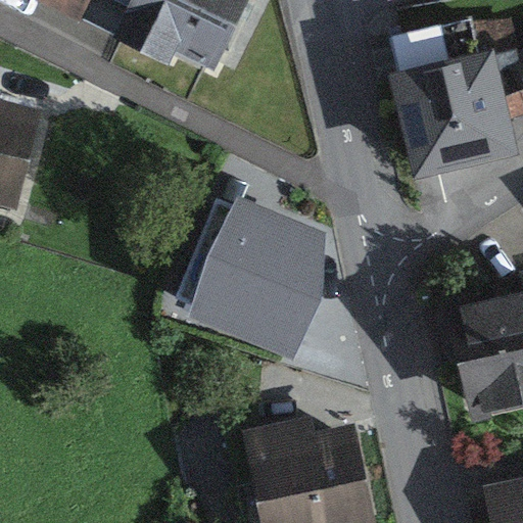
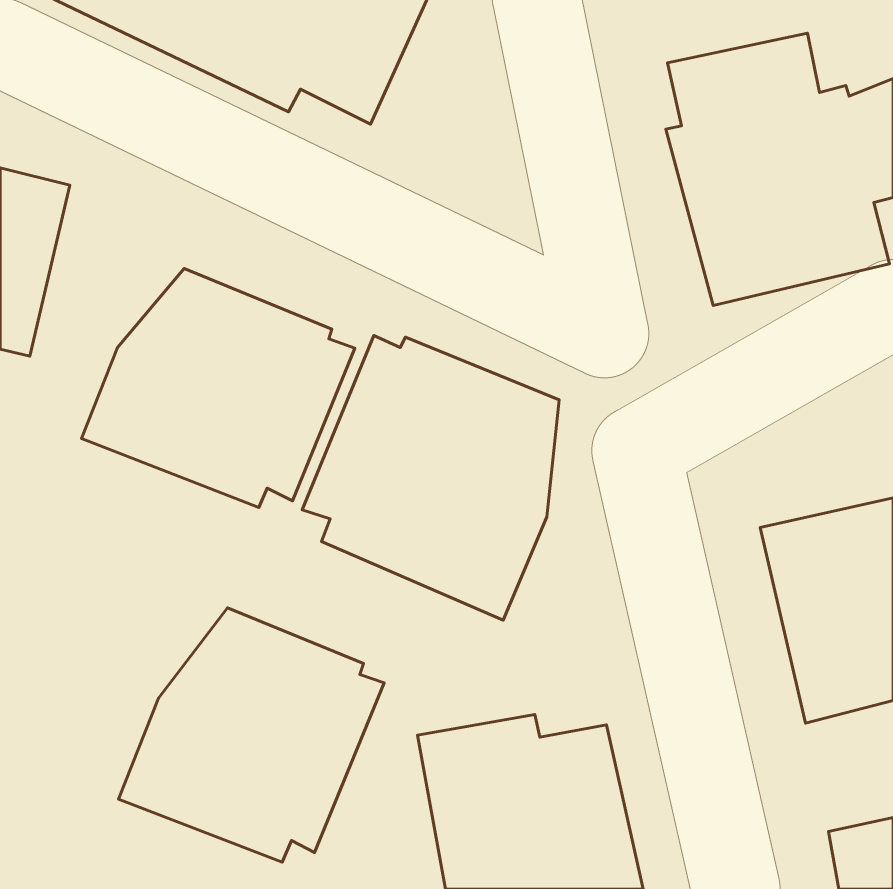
building: none -> [81,269,355,508]
building: none -> [118,608,384,862]

